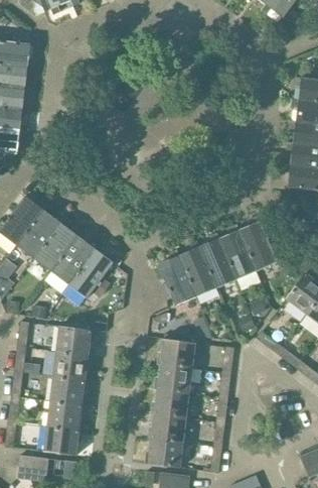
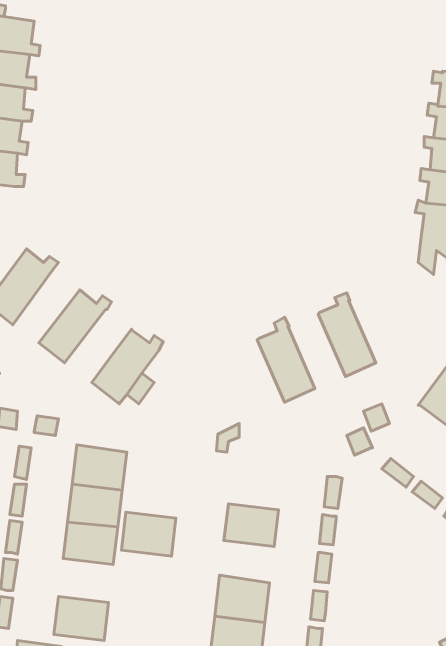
building: [16,209,64,257] -> none
building: [239,215,277,270] -> none
building: [198,232,236,287] -> none
building: [50,235,99,283] -> none
building: [157,249,196,306] -> none
building: [159,338,195,368] -> none
building: [153,388,189,416] -> none
building: [46,400,83,430] -> [121,512,176,556]

